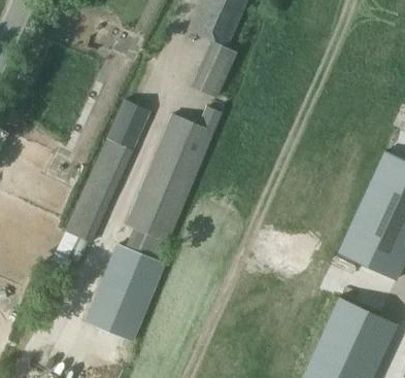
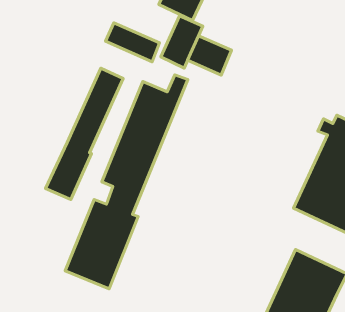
building: none -> [106,23,160,62]
building: none -> [188,36,231,75]

